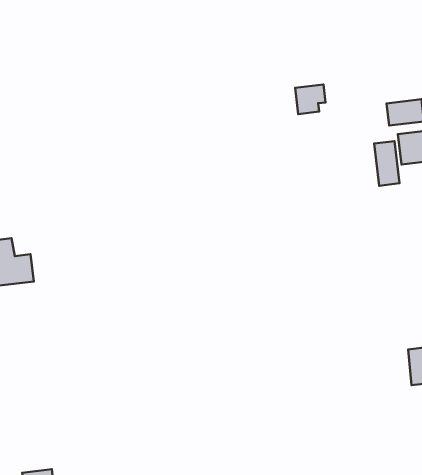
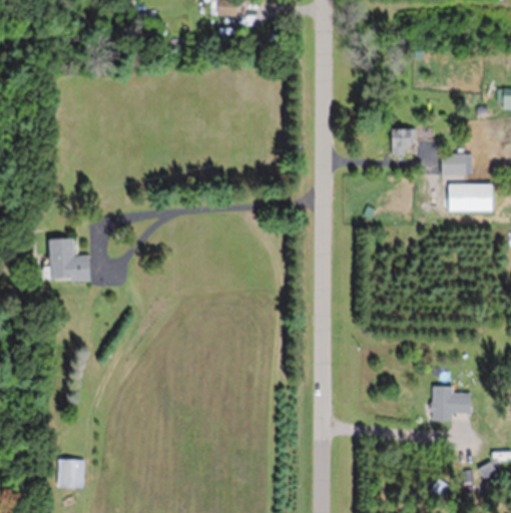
building: [295,84,326,114] -> [391,129,418,154]
building: [374,141,399,186] -> none

